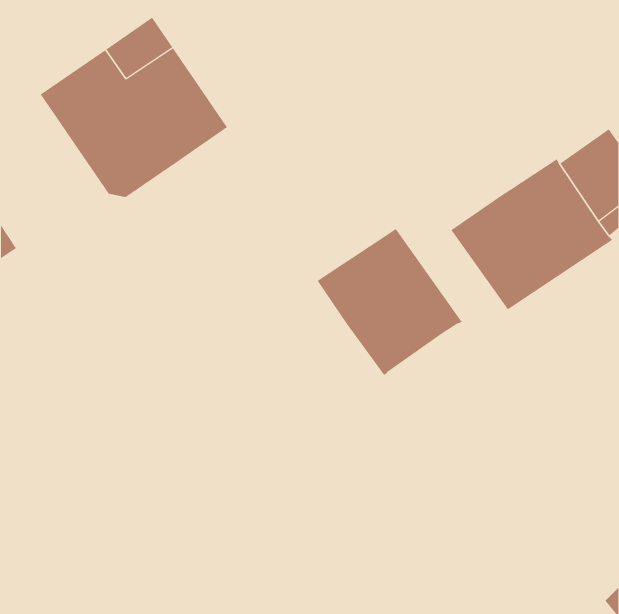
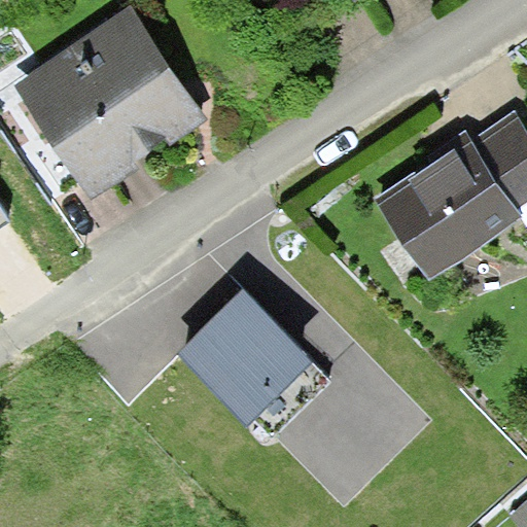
building: [317,228,462,376] -> none
building: none -> [175,291,323,445]

